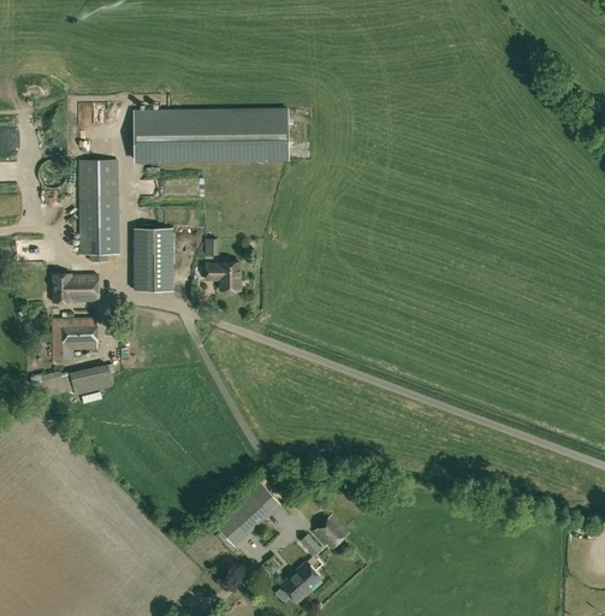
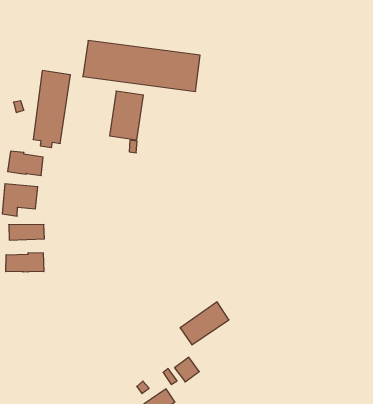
building: [135,229,172,290] -> [110,91,143,140]
building: [206,262,241,289] -> none
building: none -> [6,253,44,272]
building: [215,482,279,545] -> [180,302,229,345]

